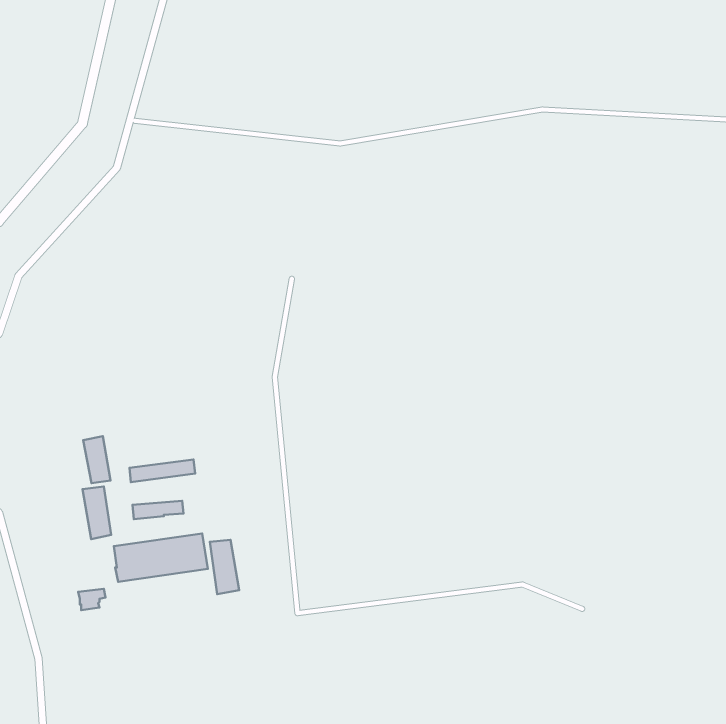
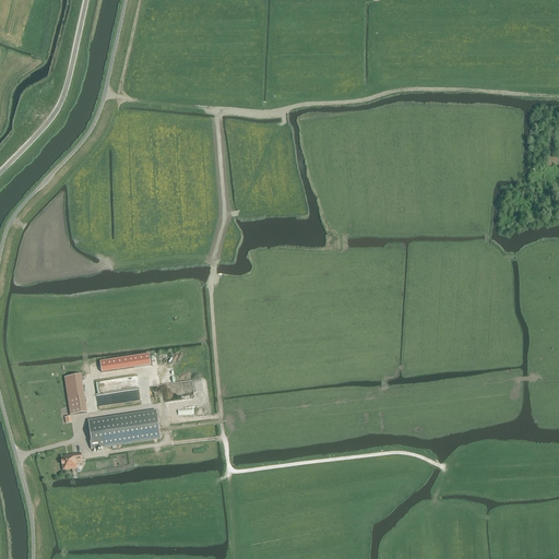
building: [83,436,110,483] -> none
building: [210,540,239,594] -> none

